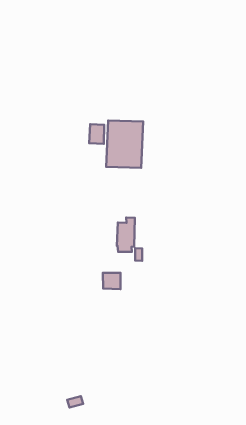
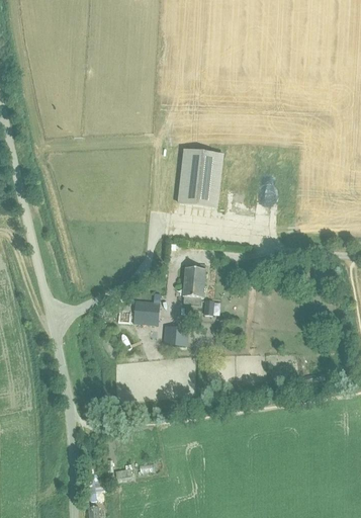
building: [89,124,104,144] -> none
building: none -> [132,300,159,323]

